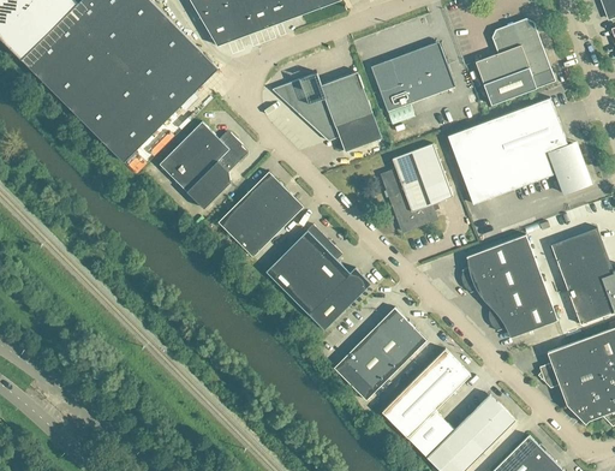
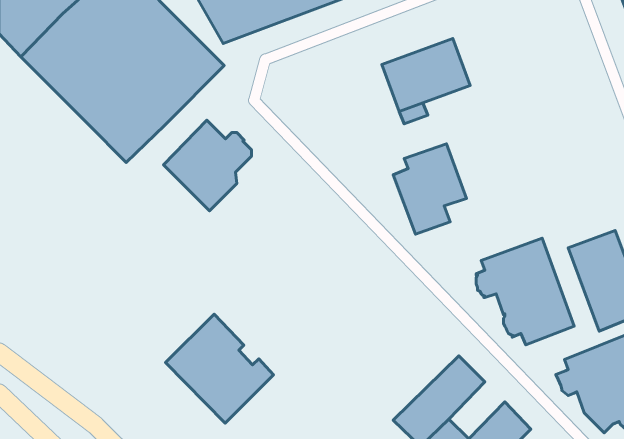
building: [474,19,555,106] -> none
building: [271,72,381,153] -> none
building: [447,99,590,204] -> none
building: [217,172,303,258] -> none
building: [265,225,370,330] -> [166,314,274,423]
building: [333,308,426,400] -> none

